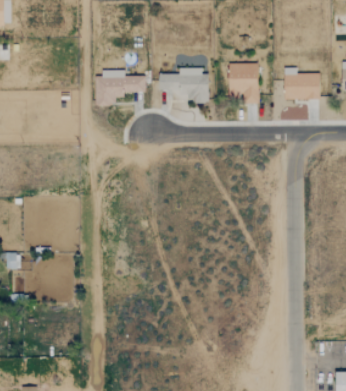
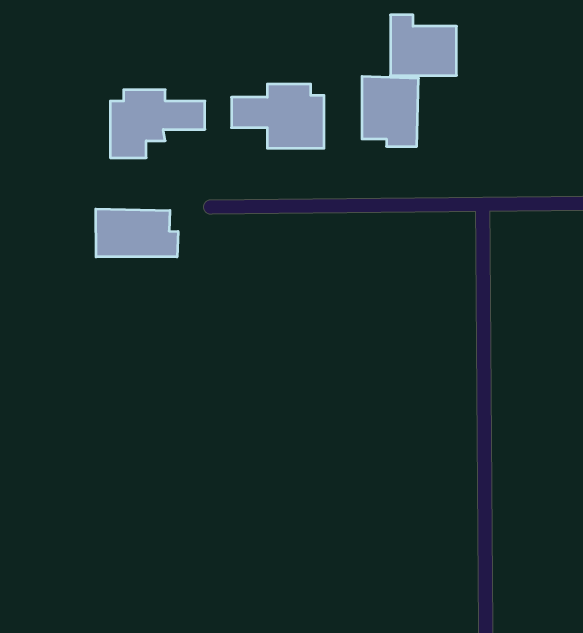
building: [284,67,319,99] -> [390,15,457,75]
building: none -> [96,209,178,257]

